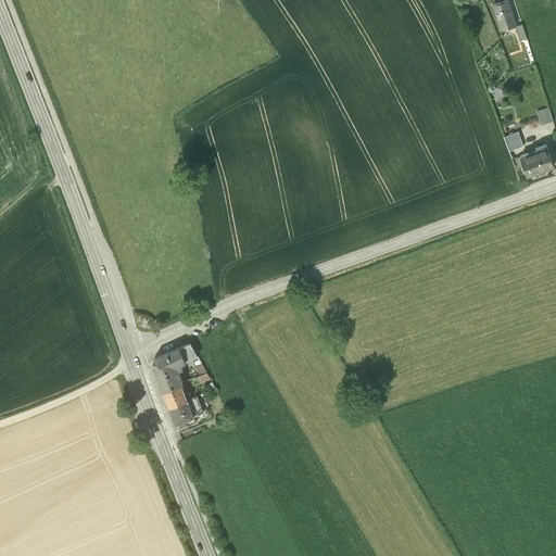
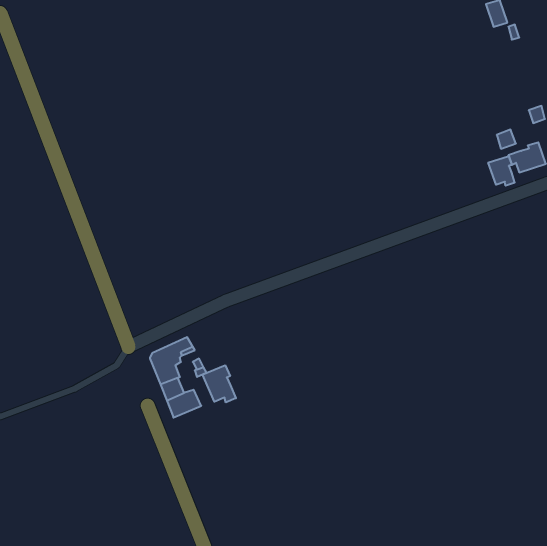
building: none -> [488,156,515,186]
building: none -> [203,365,236,402]

